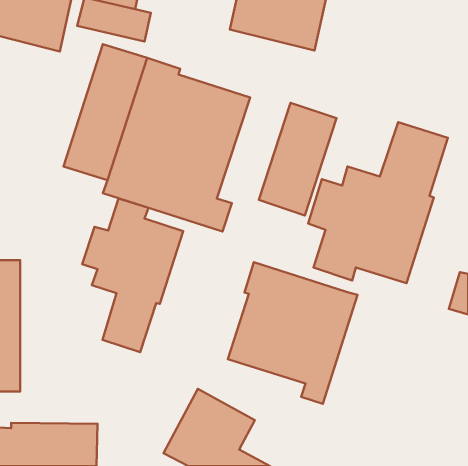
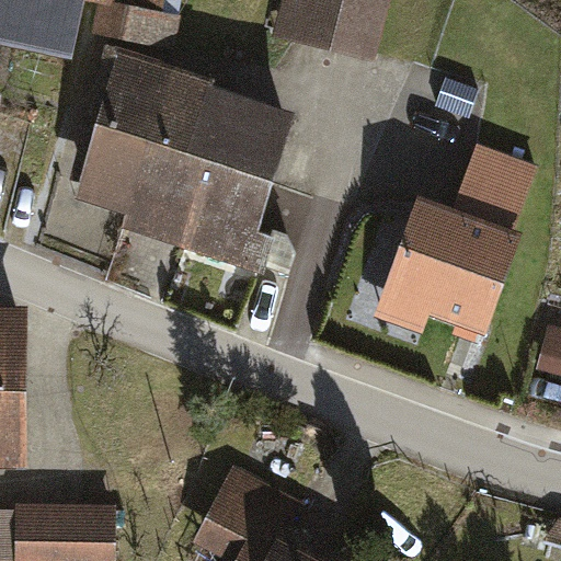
building: [259,103,337,215] -> none
building: [82,199,183,352] -> none
building: [228,262,357,404] -> none

